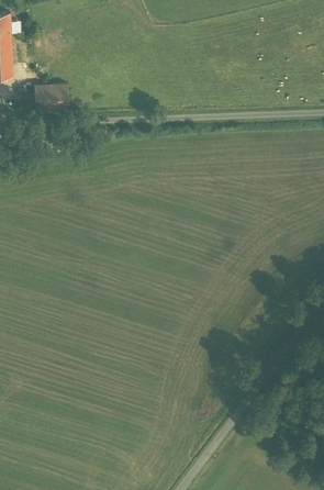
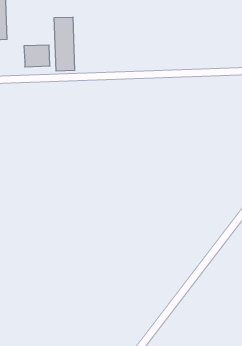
building: none -> [54,17,75,71]

